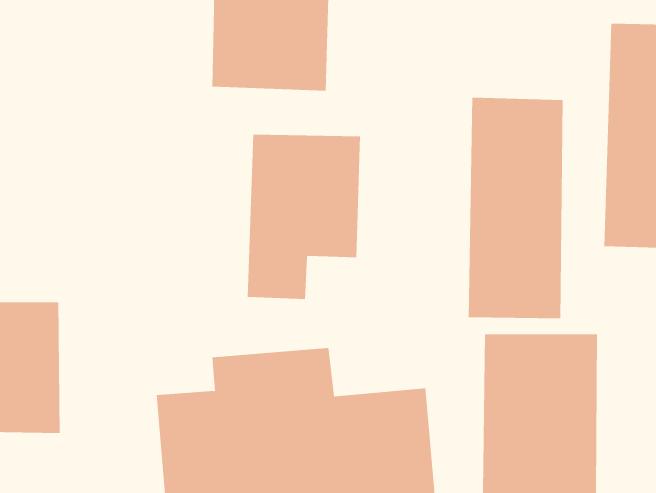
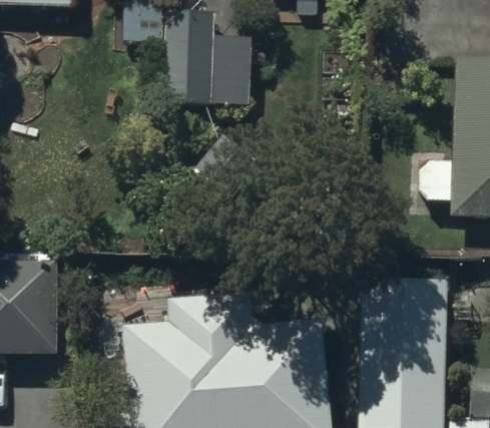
building: [468,97,563,319] -> none
building: [247,134,360,300] -> none

